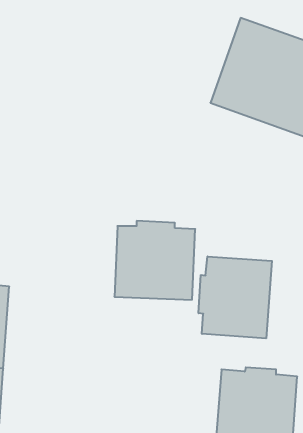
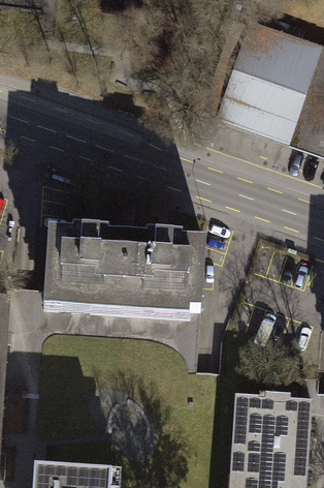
building: none -> [44,234,127,315]
building: [199,256,272,338] -> none

